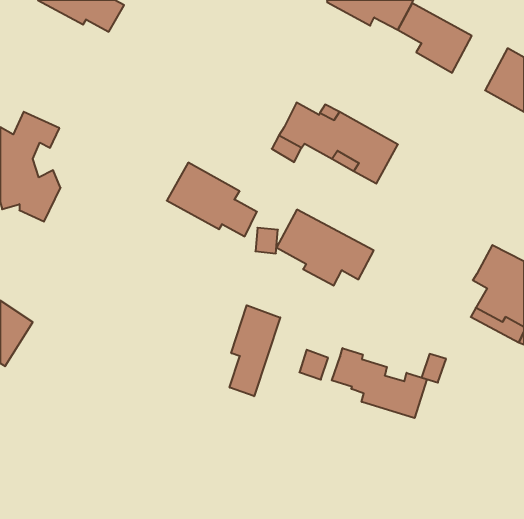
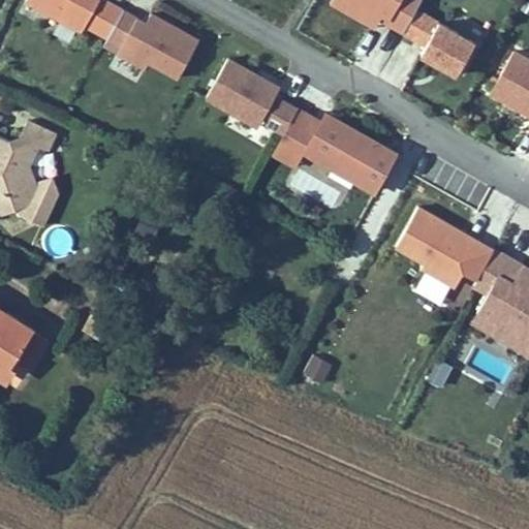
building: none -> [110,10,200,77]
building: [167,163,257,236] -> [208,59,299,133]
building: [276,210,374,286] -> [398,211,496,287]
building: [230,305,280,396] -> none
building: [332,348,427,418] -> none

